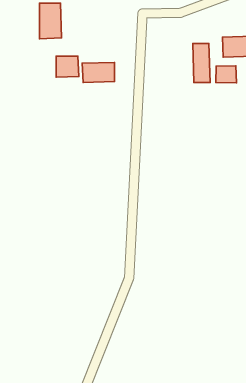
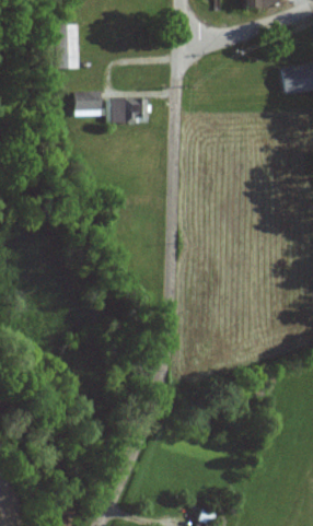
building: [193,44,210,83] -> none
building: [216,66,236,83] -> none

